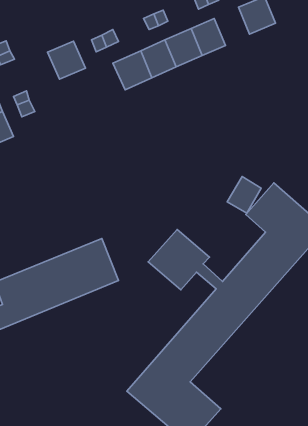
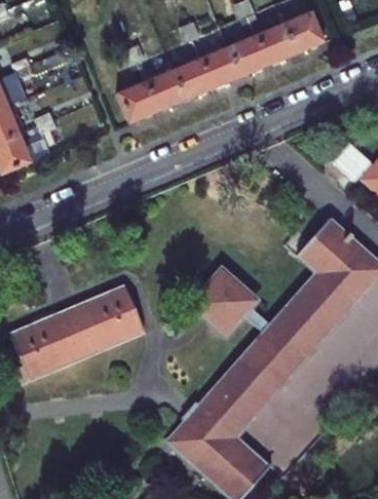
building: none -> [261,21,300,63]
building: [47,41,85,79] -> [120,82,162,124]
building: [227,177,261,213] -> none

